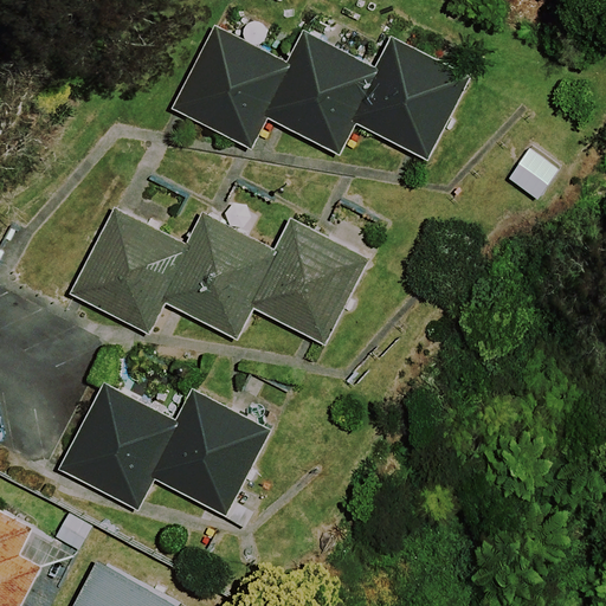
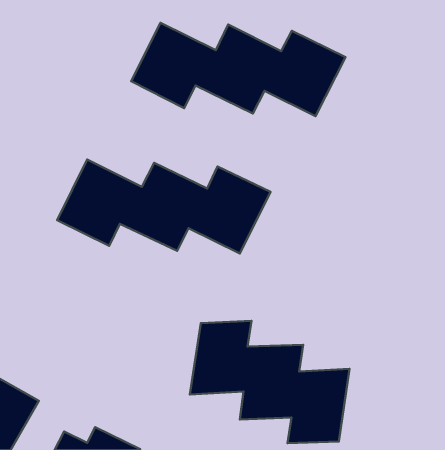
building: [59,385,264,510] -> none
building: none -> [190,321,350,443]

